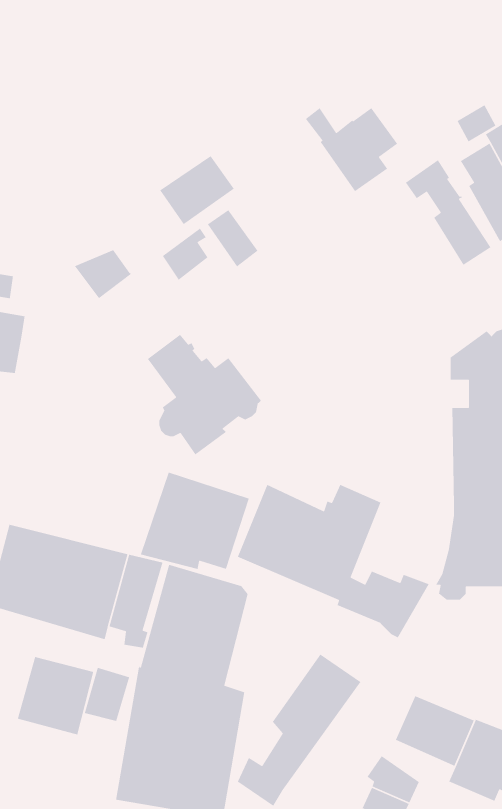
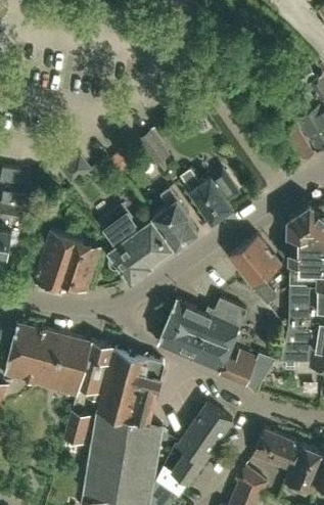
building: [305,107,398,192] -> [181,172,238,224]
building: [159,155,235,225] -> none
building: none -> [152,190,197,249]
building: none -> [230,238,281,306]
building: [140,472,250,570] -> [33,232,100,292]
building: [17,656,94,736] -> none

